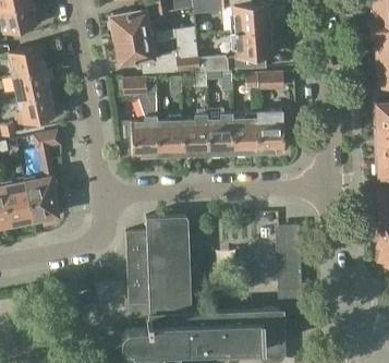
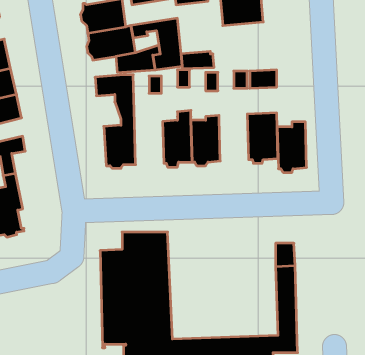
building: [235,31,273,59] -> none
building: [232,112,258,157] -> [277,122,307,172]
building: [157,116,183,160] -> none

